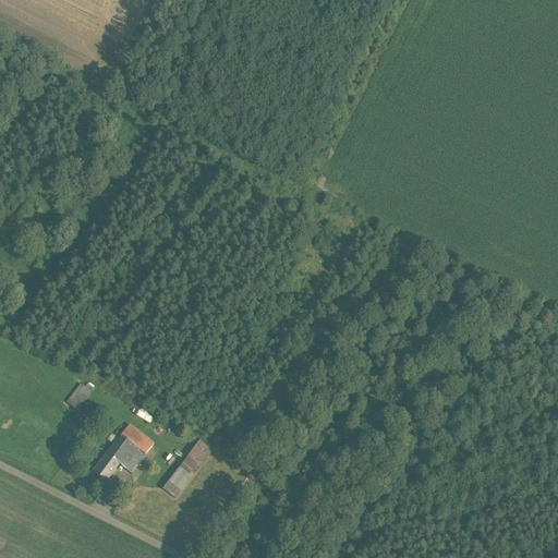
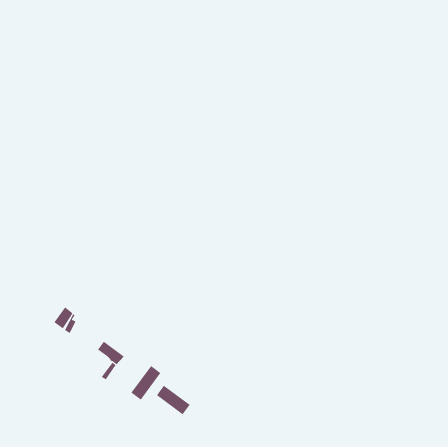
building: [94,434,133,480] -> none
building: none -> [156,385,190,415]

